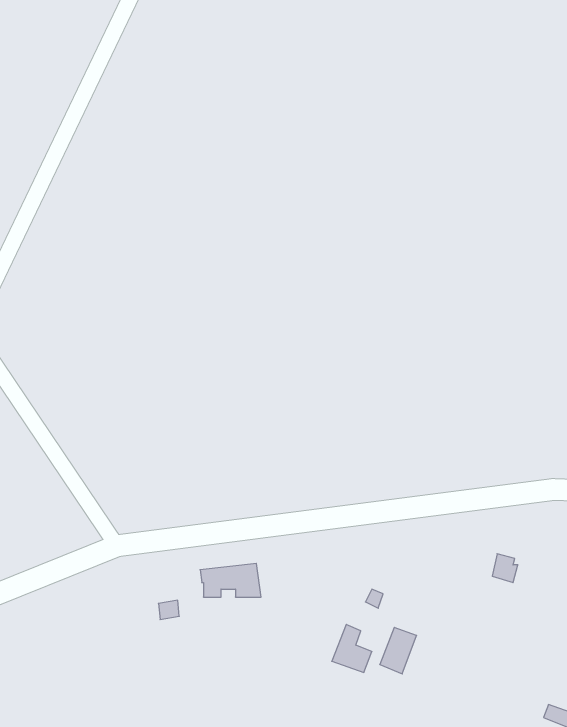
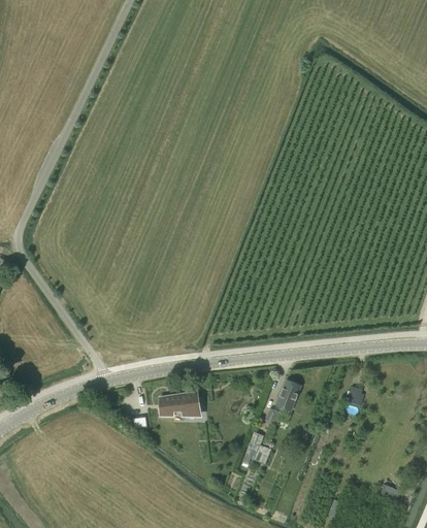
building: [380,627,417,674] -> [275,381,299,410]

